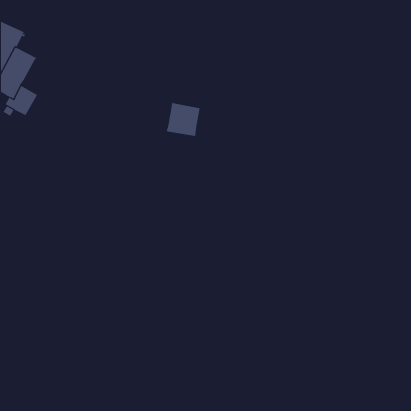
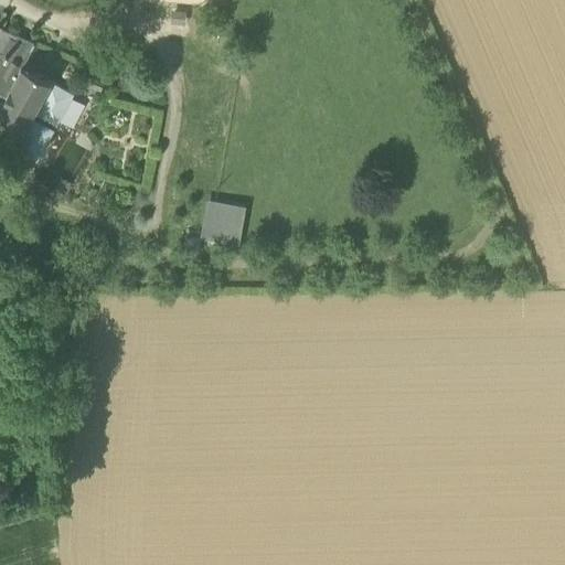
building: none -> [33,82,72,122]
building: [166,103,201,136] -> [199,199,246,245]

